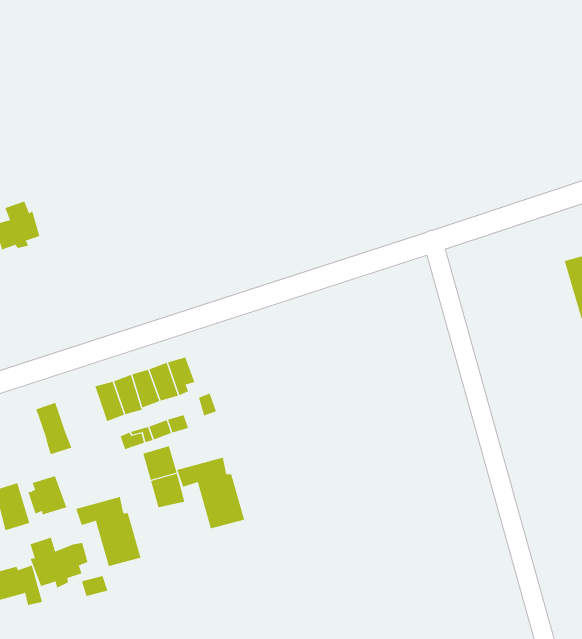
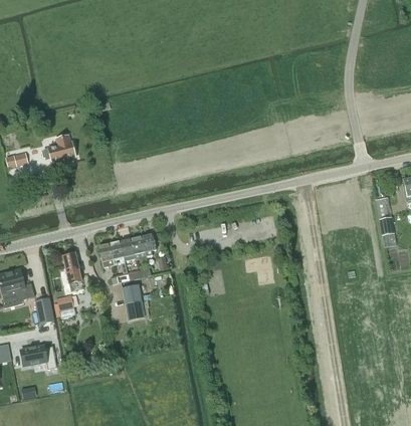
building: [176,457,245,529] -> none
building: [75,496,141,567] -> none
building: [30,537,88,588] -> none

